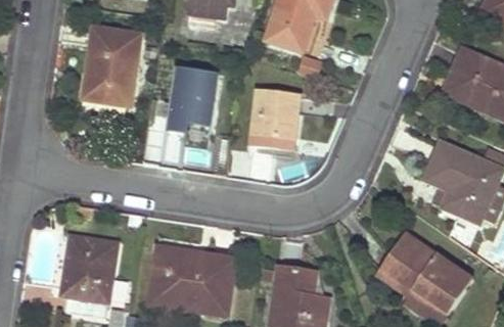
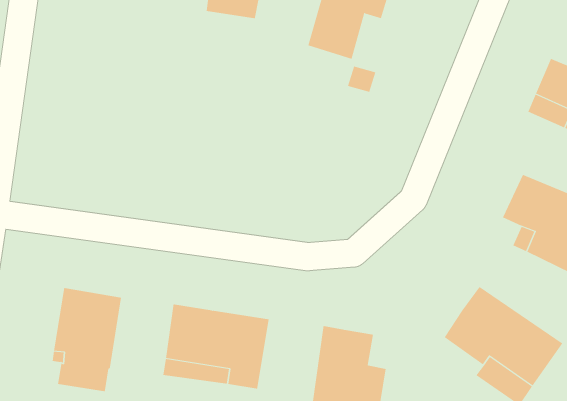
building: [84,28,140,104] -> none
building: [168,68,218,134] -> none
building: [250,89,299,147] -> none

